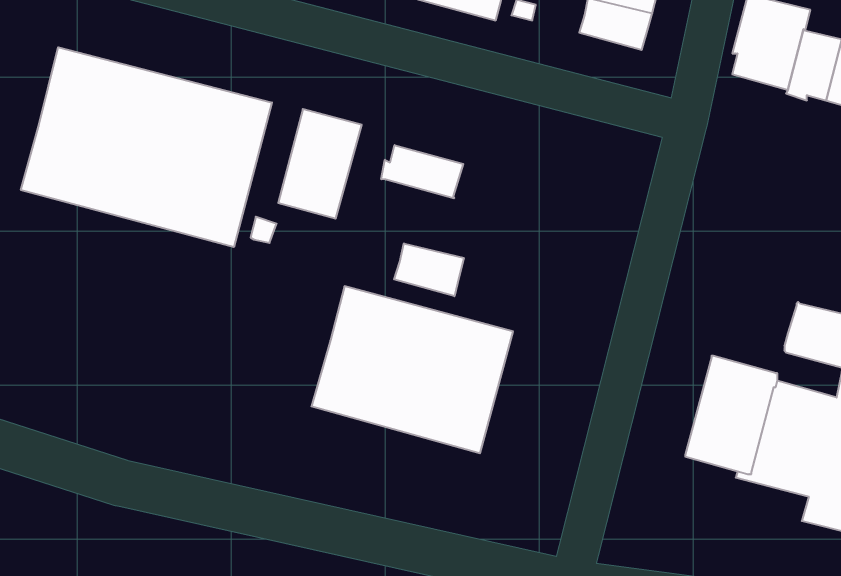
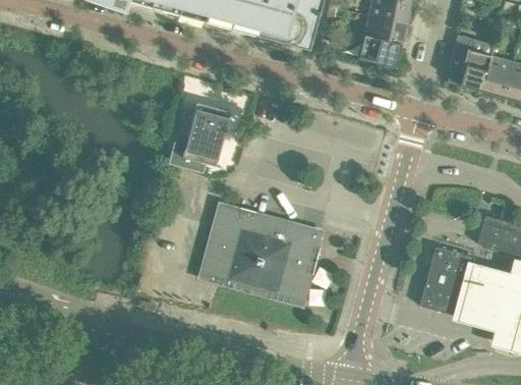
building: [21,47,272,247] -> none
building: [381,145,463,198] -> none
building: [394,243,464,296] -> none

